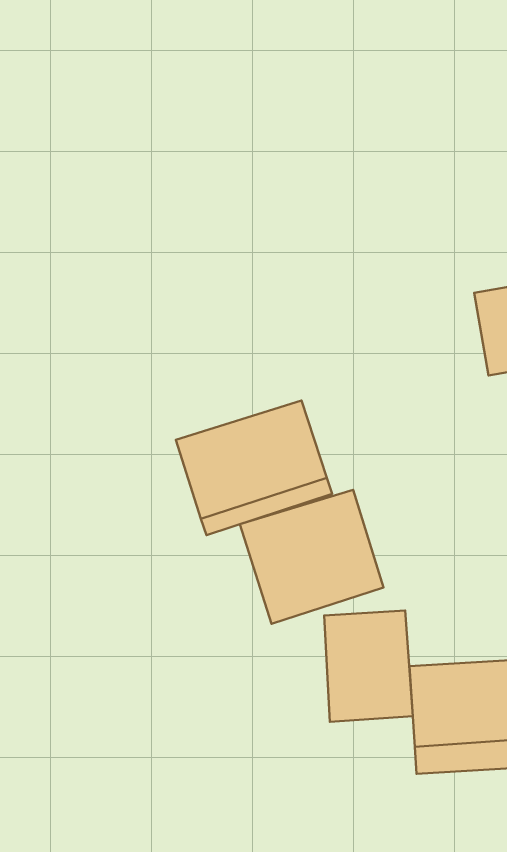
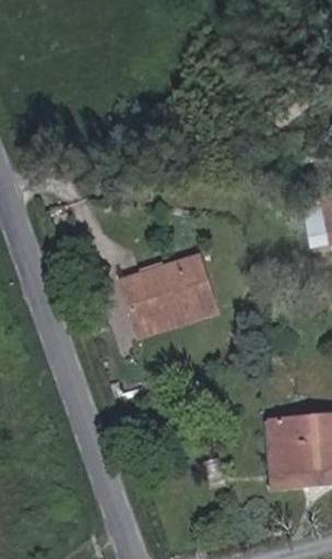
building: [240,490,384,624] -> none
building: [324,611,413,722] -> none

